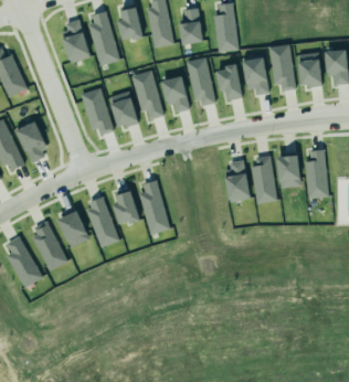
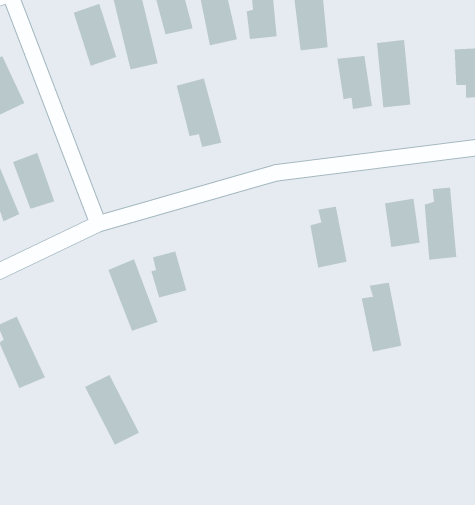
building: [298,53,321,87] -> none
building: [187,57,215,107] -> none
building: [215,65,243,100] -> none
building: [160,76,190,114] -> none
building: [81,87,114,137] -> none
building: [108,91,139,129] -> none
building: [250,156,278,204] -> [361,282,402,352]
building: [138,180,170,234] -> none
building: [59,211,89,247] -> none
building: [29,221,67,270] -> [84,374,140,446]

